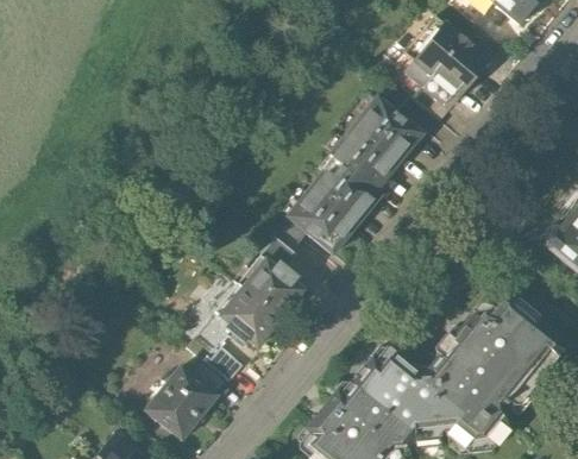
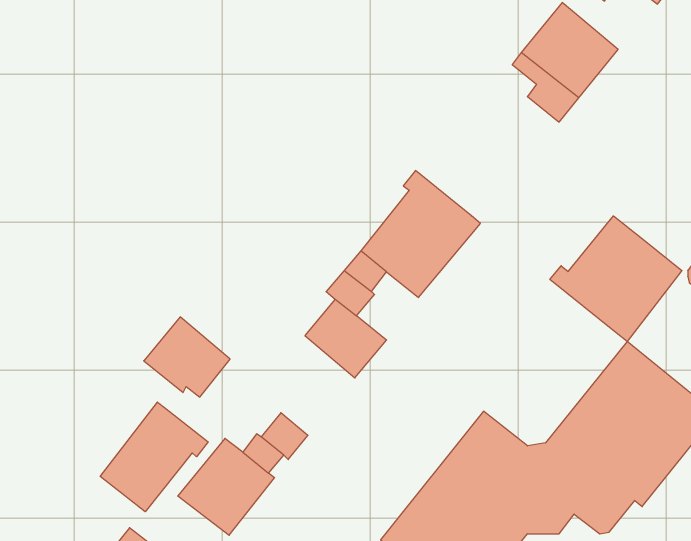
building: [331,96,421,189] -> none
building: none -> [550,216,682,342]
building: [215,283,283,346] -> [144,317,230,397]
building: none -> [100,402,208,512]

